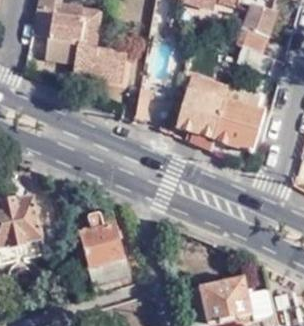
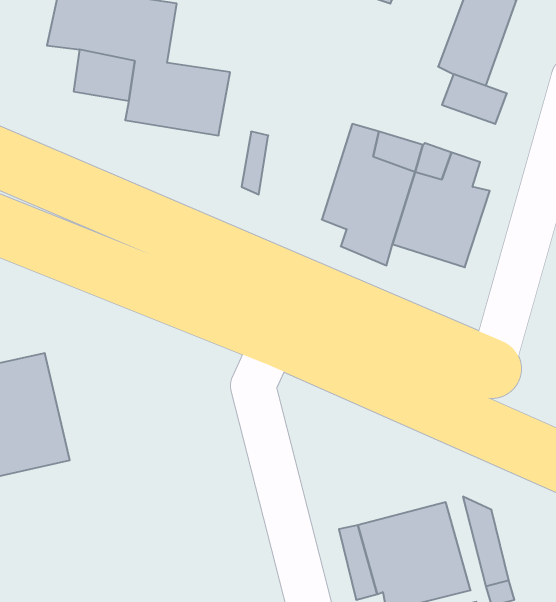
building: [75,209,128,285] -> none

